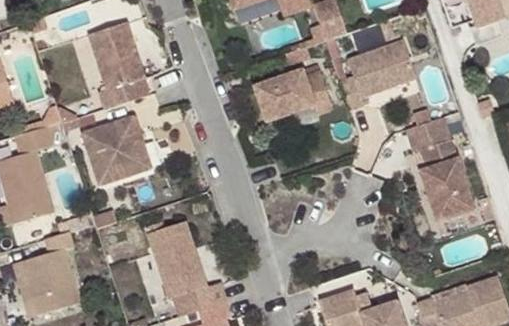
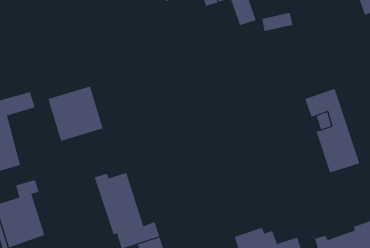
building: [88,21,145,108] -> none
building: [337,40,414,110] -> none
building: [251,69,330,122] -> none

